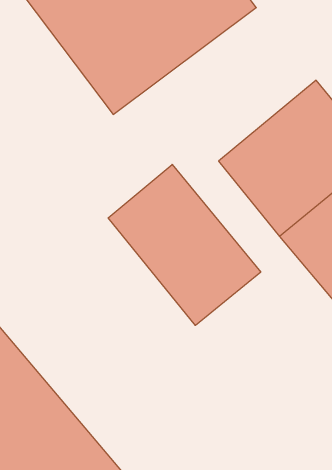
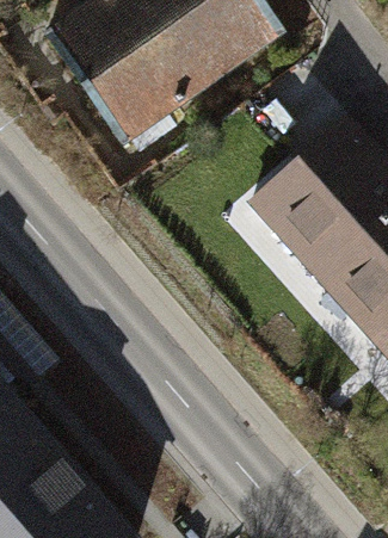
building: [108,164,261,325] -> none

